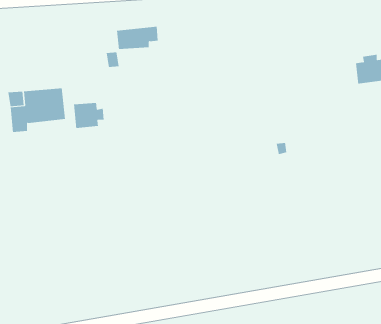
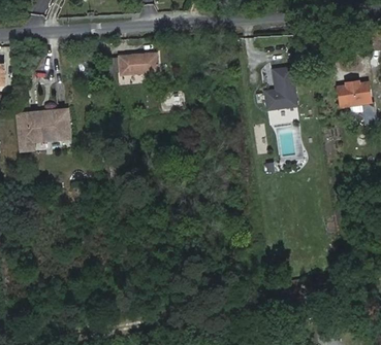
building: none -> [263,66,295,108]
building: [74,102,104,129] -> none

